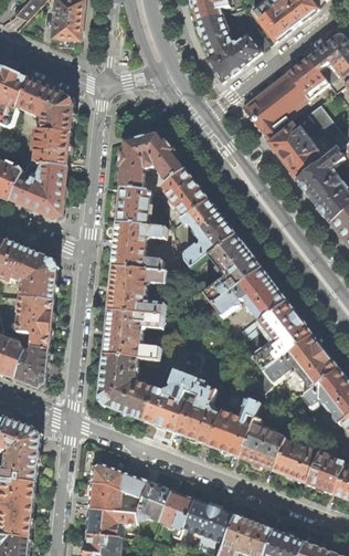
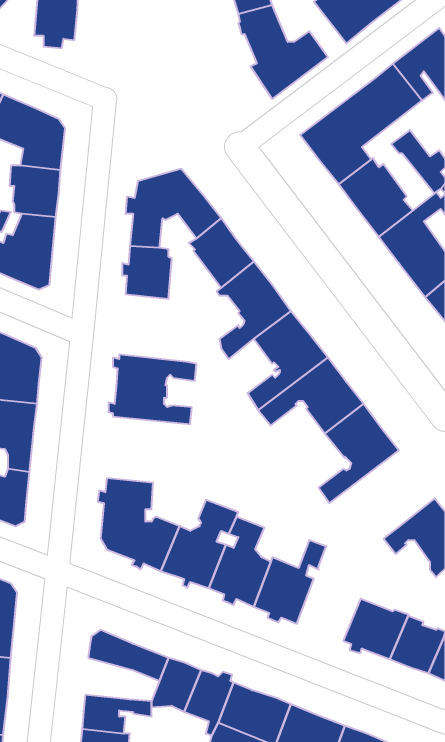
building: [108,221,166,270] -> none
building: [98,308,162,358] -> none
building: [246,333,337,392] -> none
building: [239,416,285,471] -> none
building: [84,481,121,511] -> none

